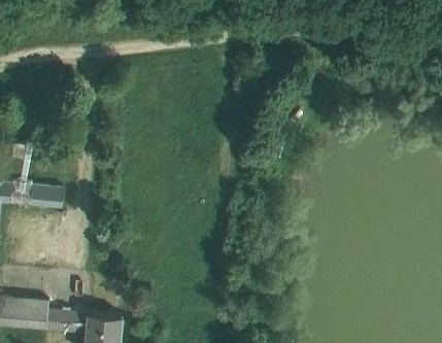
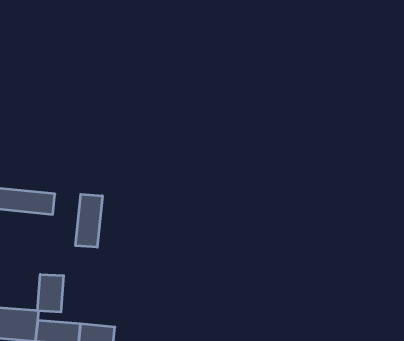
building: none -> [76,194,102,247]
building: none -> [38,274,64,312]

